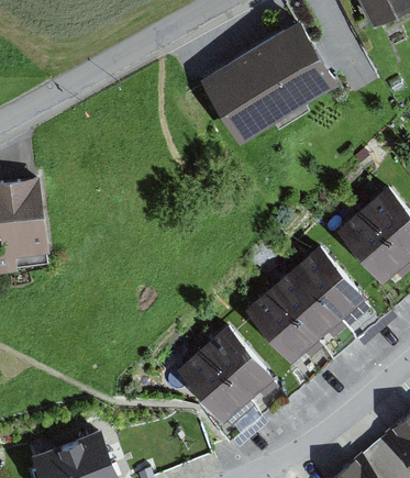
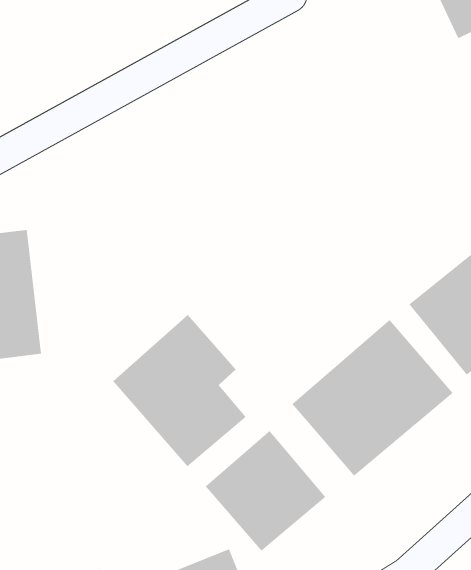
building: [206,23,337,141] -> none
building: none -> [113,314,247,467]

